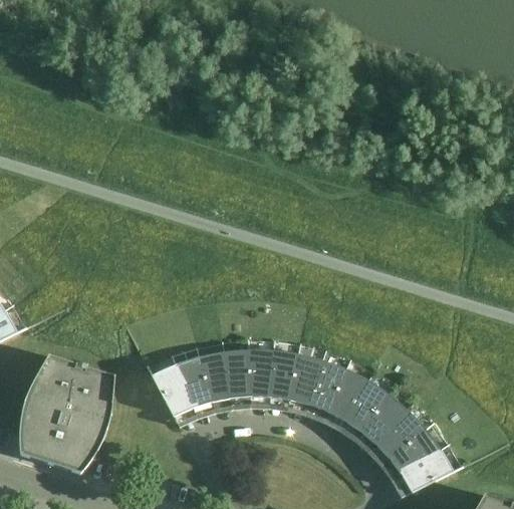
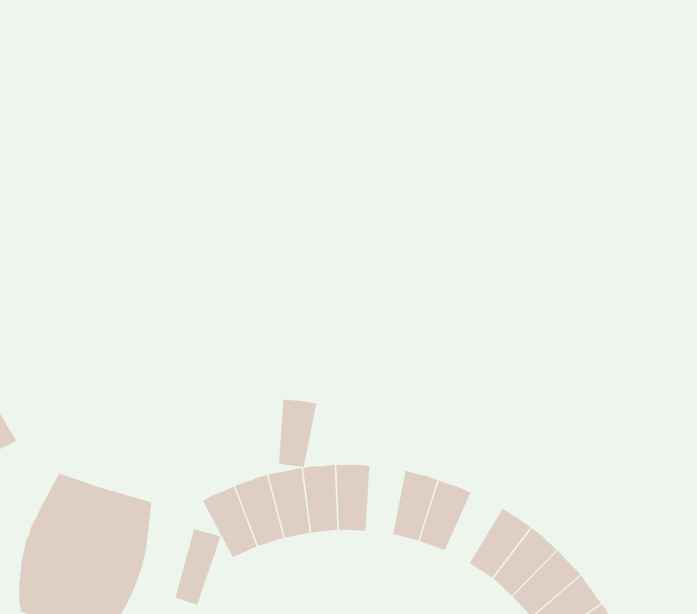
building: [269,350,297,400] -> [278,399,317,467]
building: [326,369,367,421] -> none
building: none -> [175,528,221,605]

